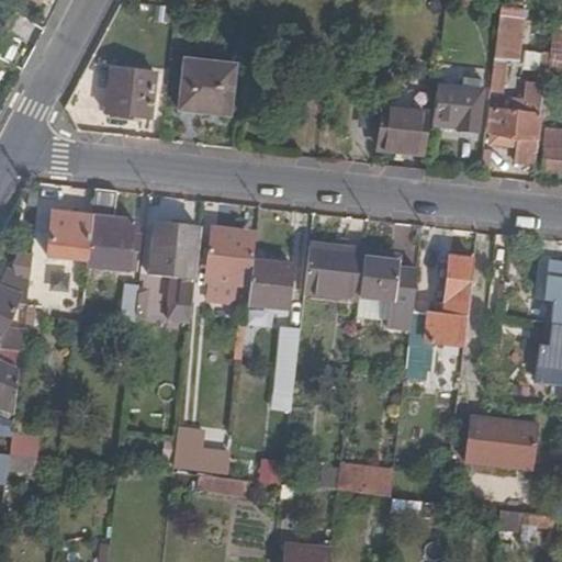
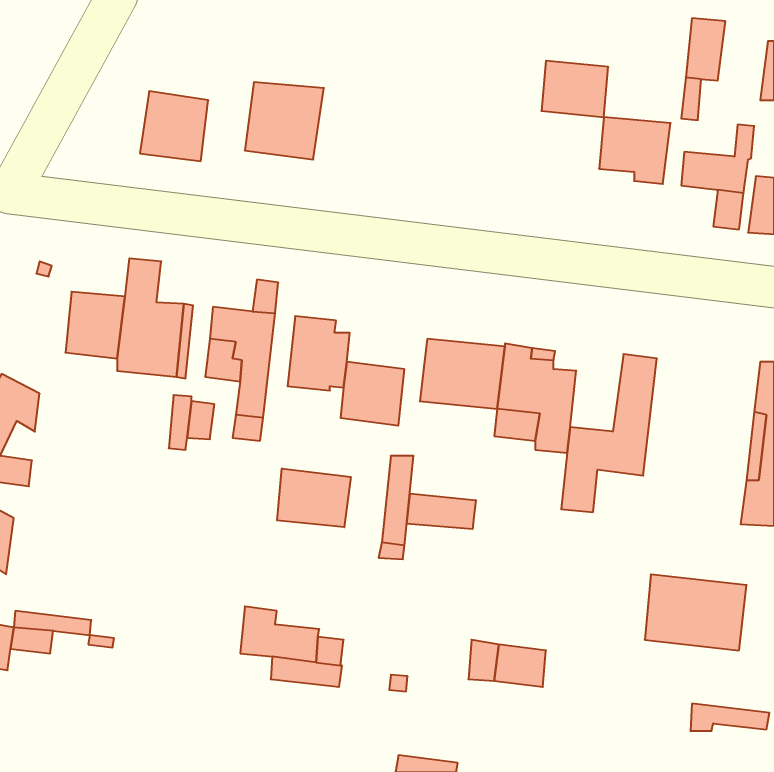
building: [378,111,426,151] -> [541,61,608,117]
building: none -> [277,468,351,527]
building: none -> [407,493,476,529]

